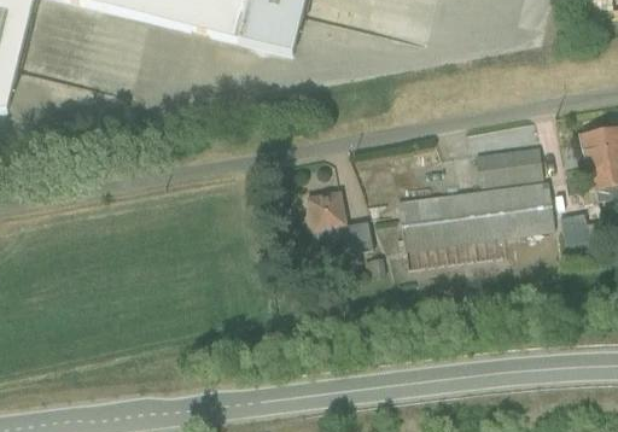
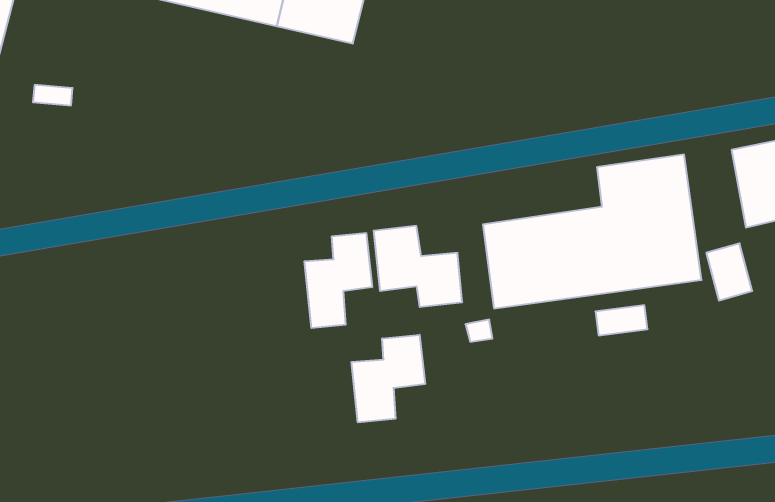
building: none -> [304,233,372,328]
building: none -> [352,335,425,422]

